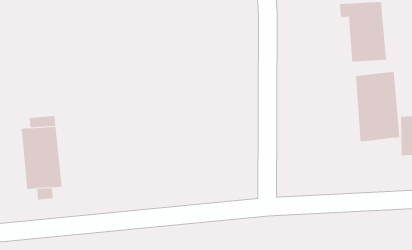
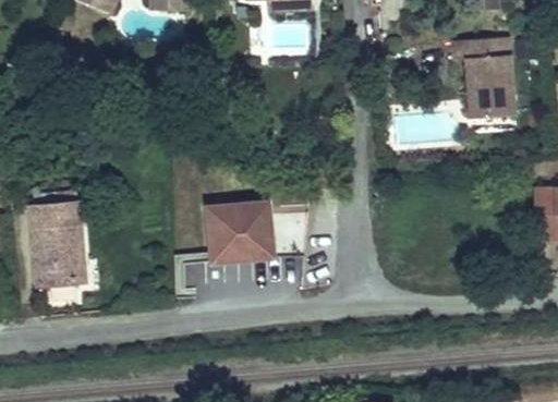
building: [356,71,400,142] -> none
building: none -> [207,203,272,263]

